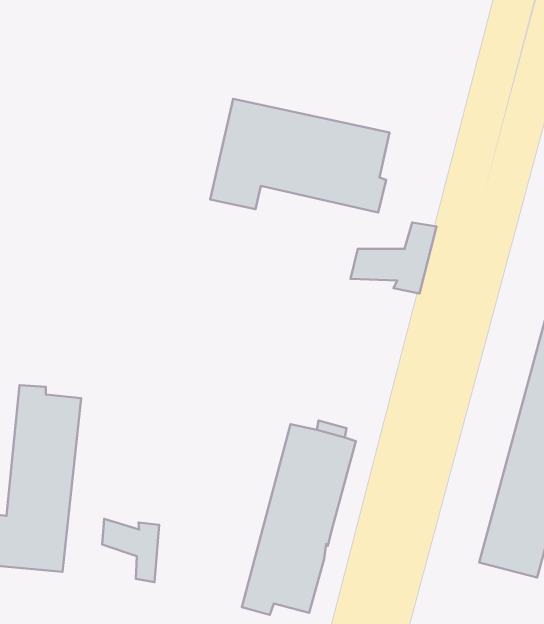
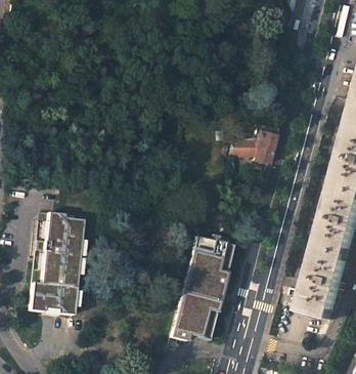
building: [210,99,389,213] -> none
building: [102,519,159,582] -> none

